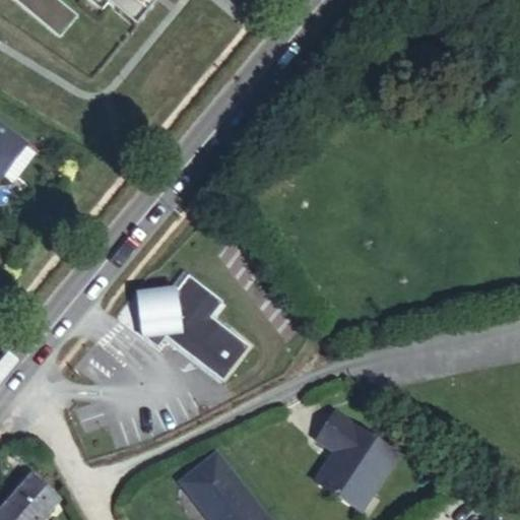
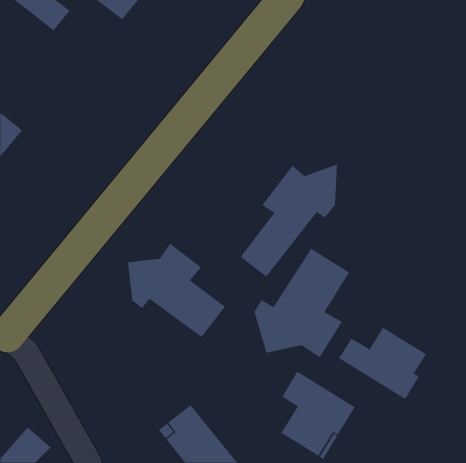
building: none -> [240,164,338,277]
building: none -> [254,248,350,358]
building: none -> [338,327,427,400]

